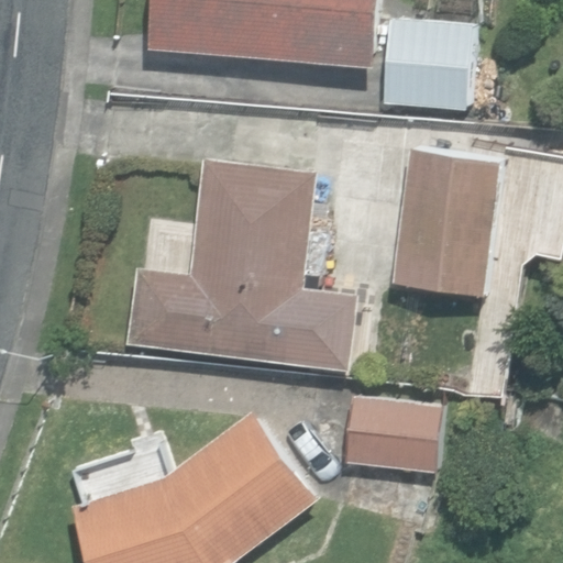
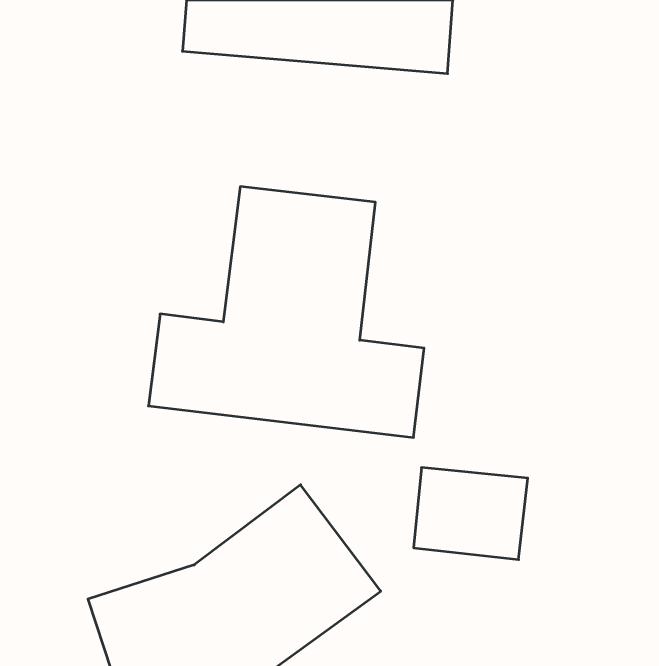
building: [383,23,472,108] -> none
building: [394,150,504,294] -> none

